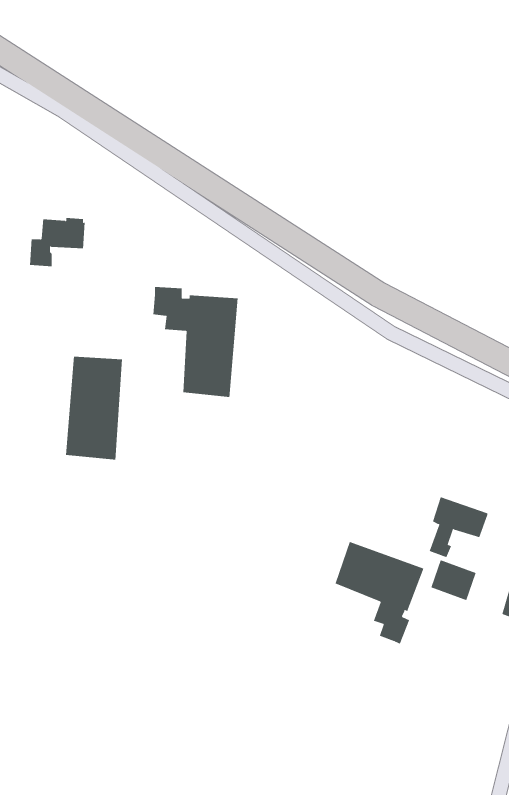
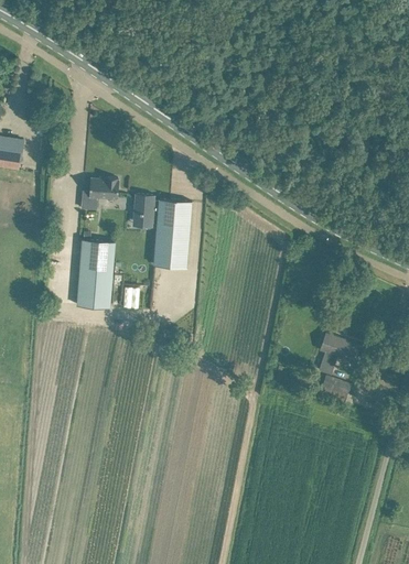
building: [29,217,85,267] -> [82,177,119,210]
building: [335,541,424,645] -> none

